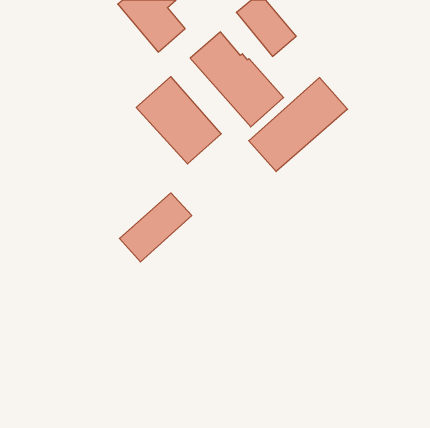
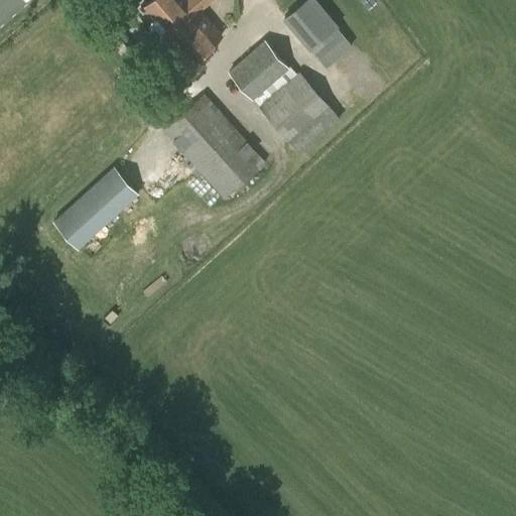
building: [249,78,348,172] -> none
building: [119,193,192,262] -> [52,167,139,250]

